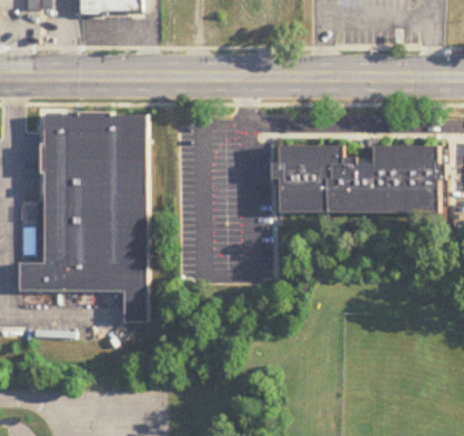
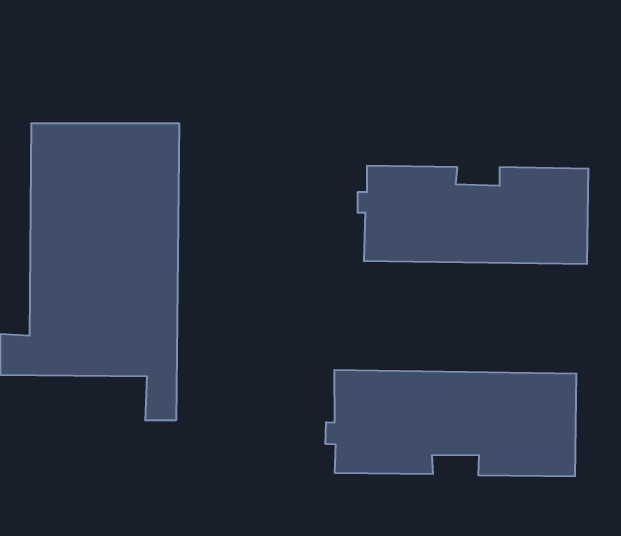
building: none -> [326,370,576,476]

